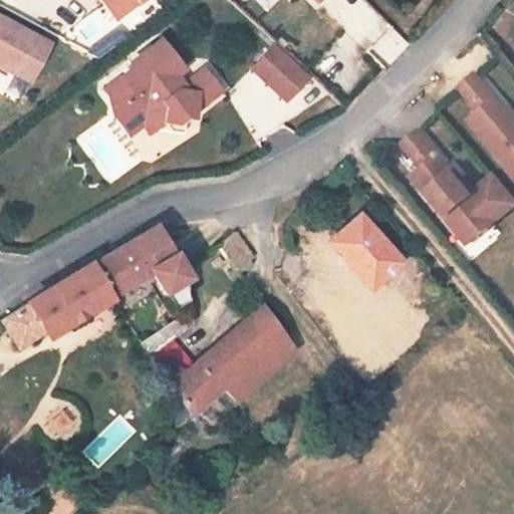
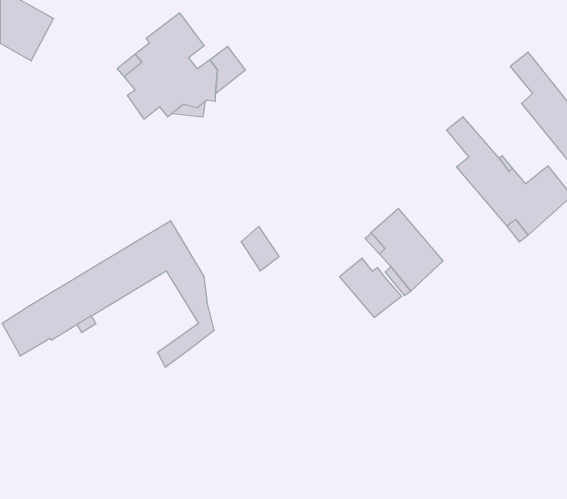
building: [254,44,310,99] -> none
building: none -> [340,258,402,317]
building: [152,293,297,416] -> none

